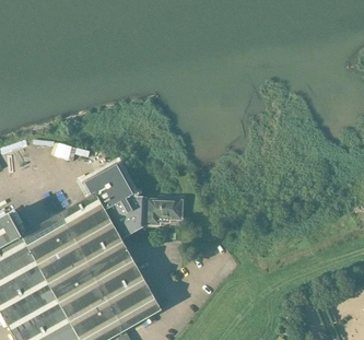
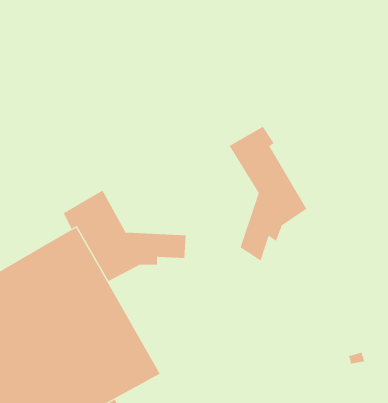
building: none -> [229,126,307,262]

